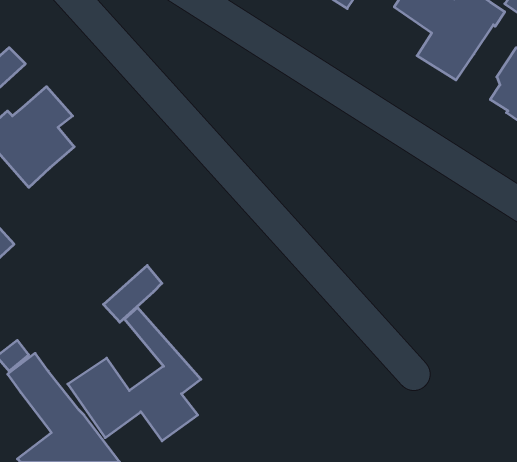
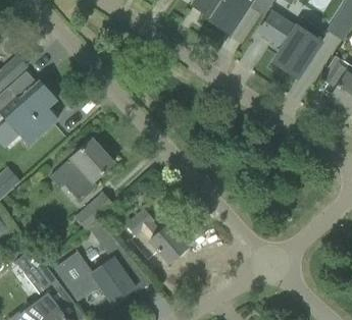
building: none -> [50,139,113,202]
building: none -> [127,210,187,263]

